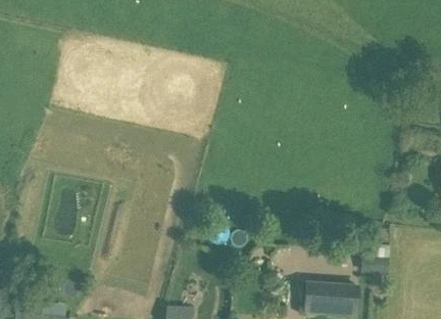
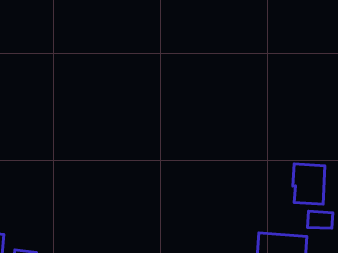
building: none -> [293,164,325,204]

